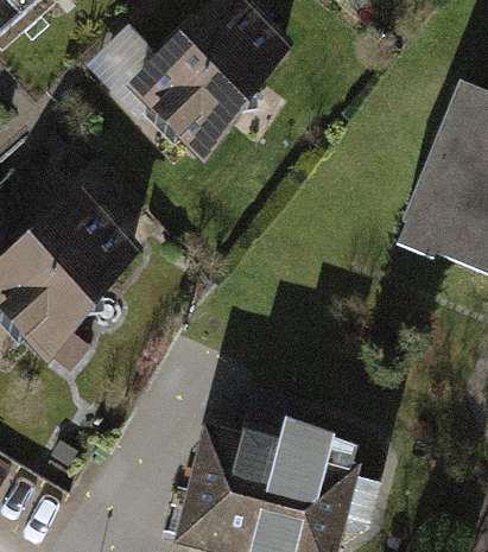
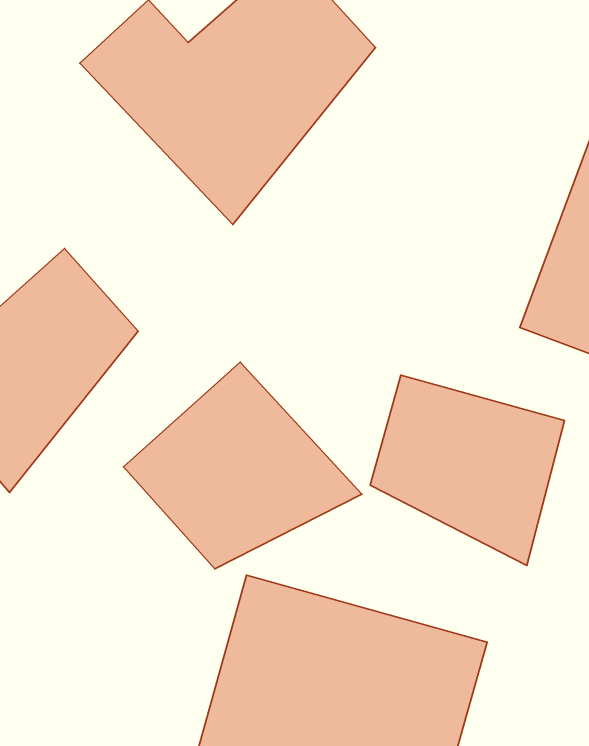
building: none -> [123,362,362,569]
building: none -> [370,375,564,565]

